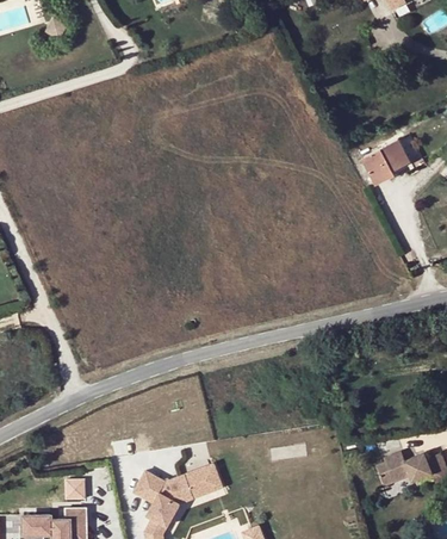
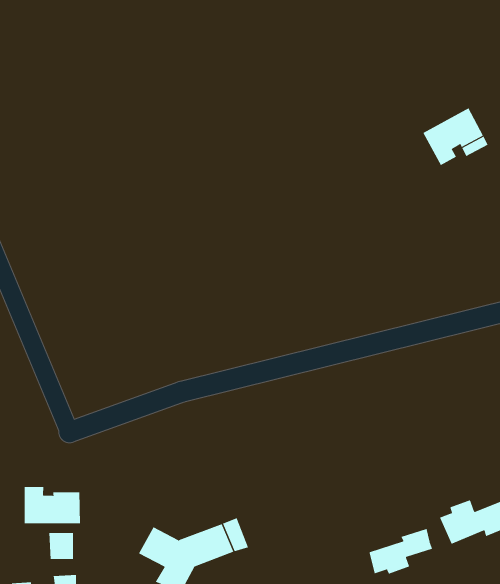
building: none -> [24,486,80,524]
building: none -> [369,528,433,574]

